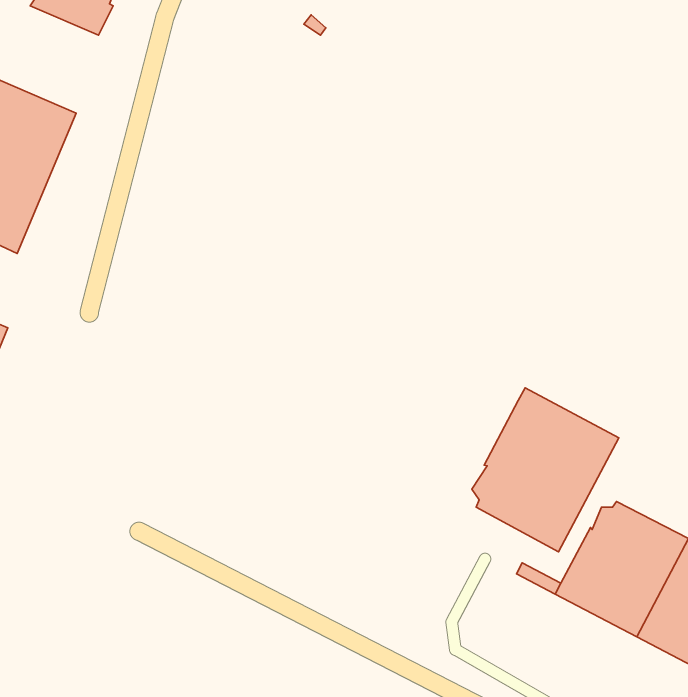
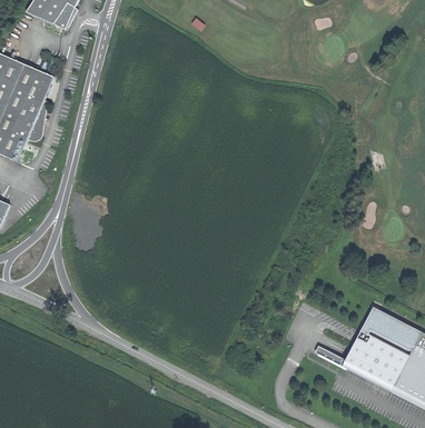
building: [472,388,619,552] -> none

